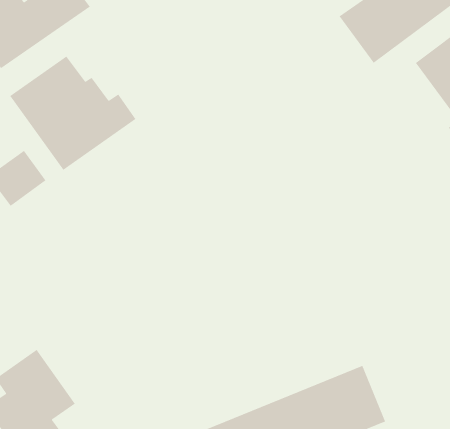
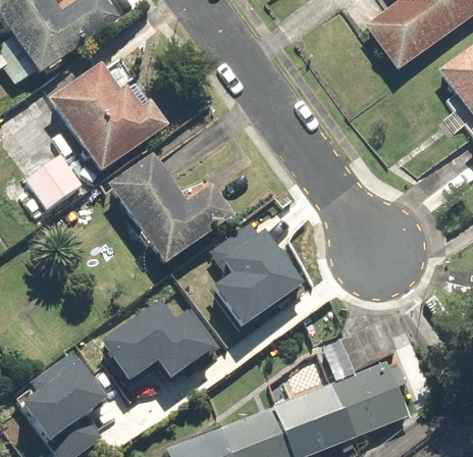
building: none -> [105,153,235,266]
building: none -> [212,211,301,317]
building: none -> [103,297,217,378]

